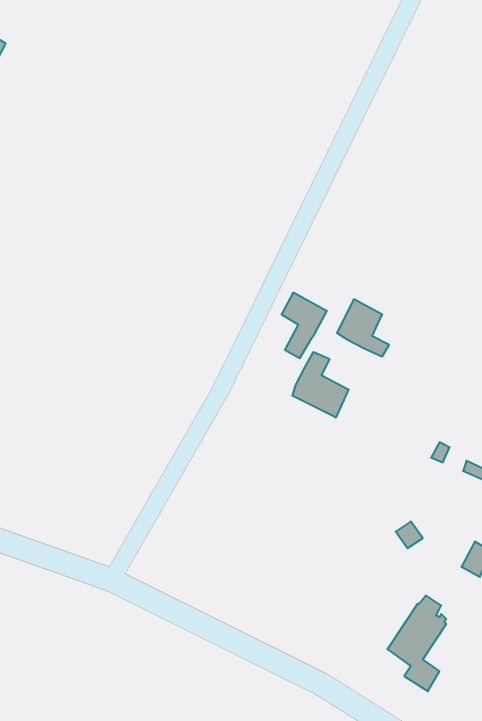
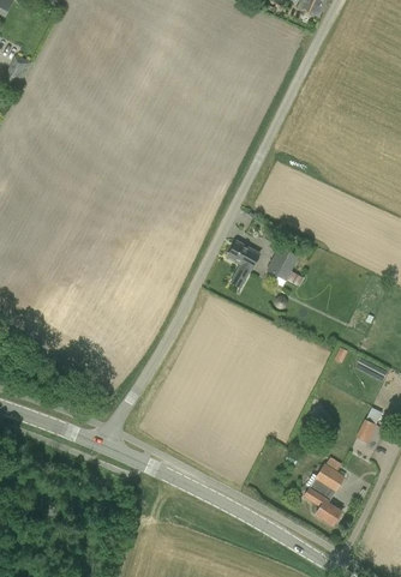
building: [293,352,349,418] -> none

